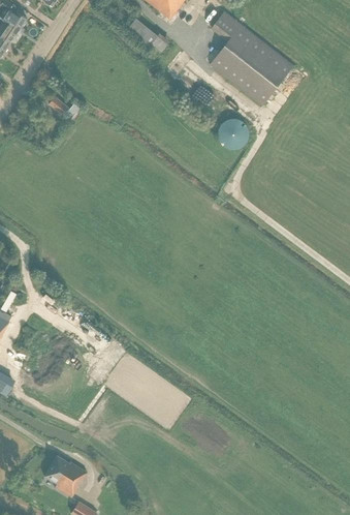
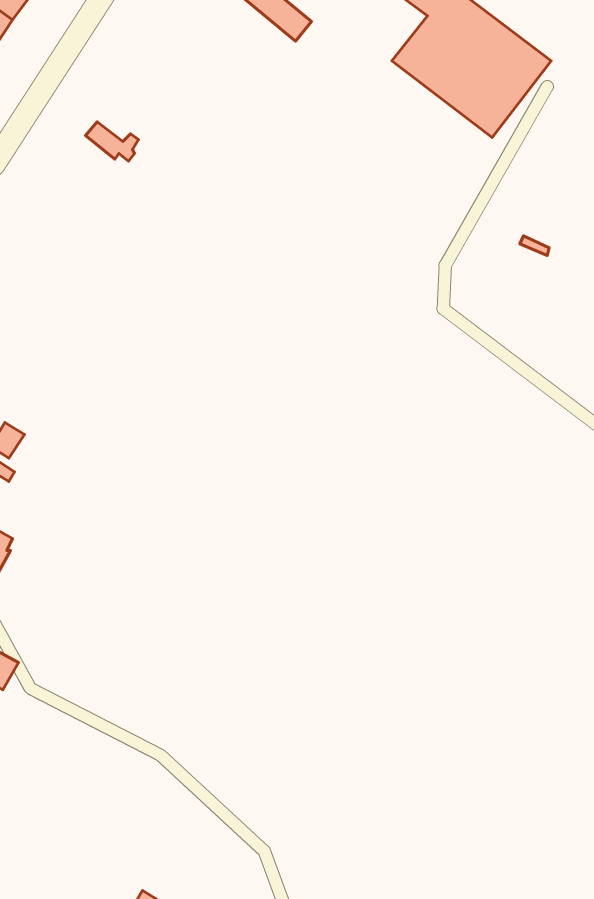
building: [217,118,248,149] -> none
building: [42,455,85,496] -> none

